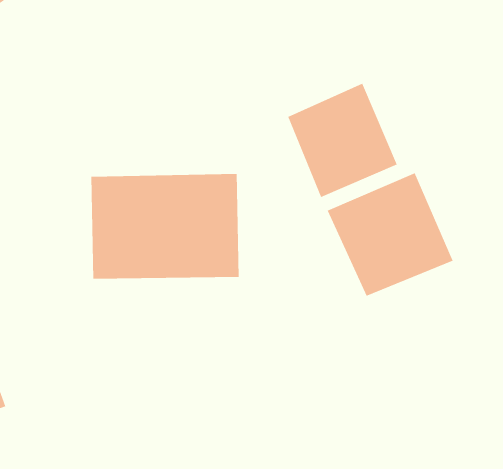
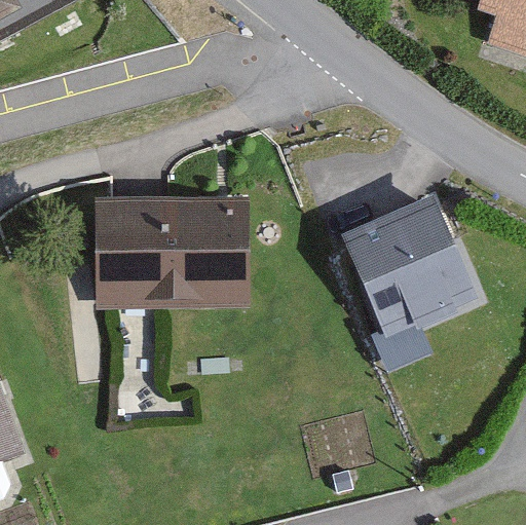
building: [287,83,398,198] -> none

